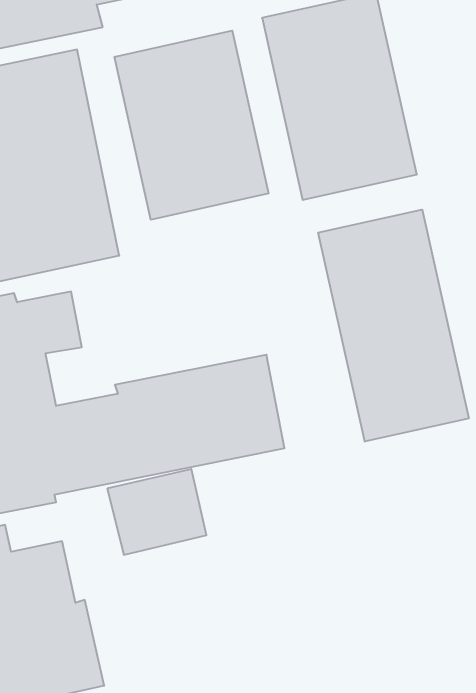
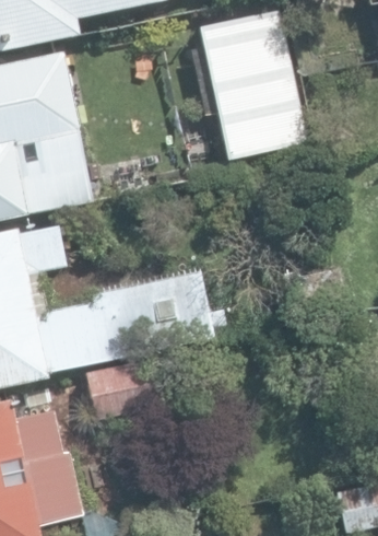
building: [115,31,269,220] -> none
building: [318,210,469,442] -> none

